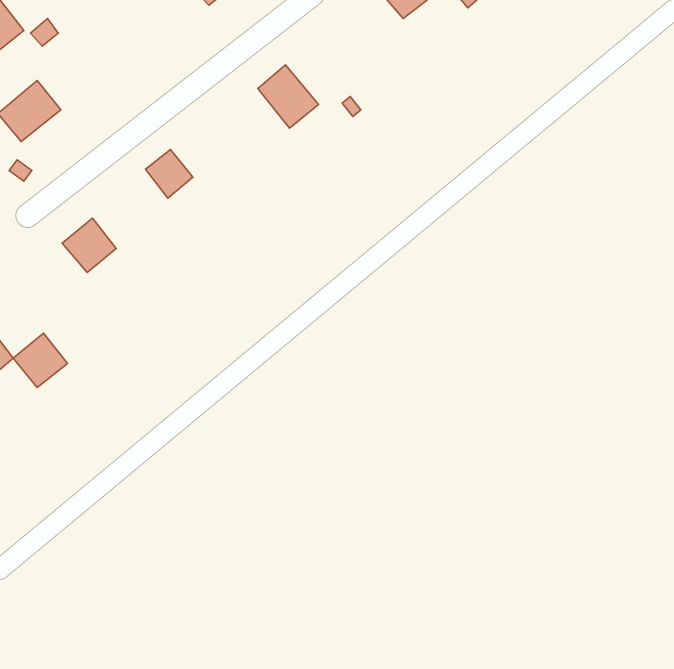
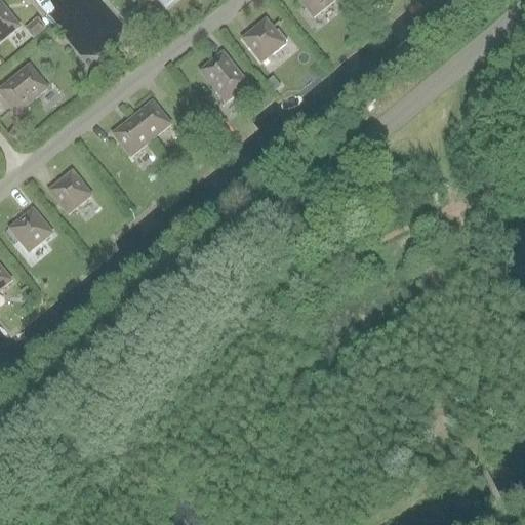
building: none -> [242,17,286,59]
building: none -> [132,99,170,137]
building: [13,333,67,387] -> [9,207,51,249]

